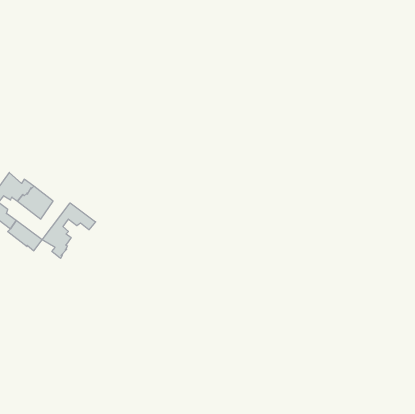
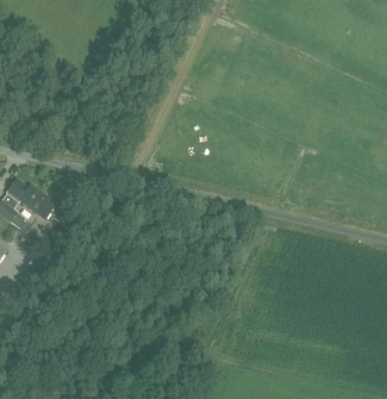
building: [42,203,96,258] -> none

